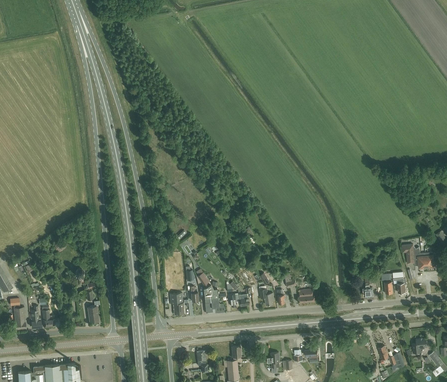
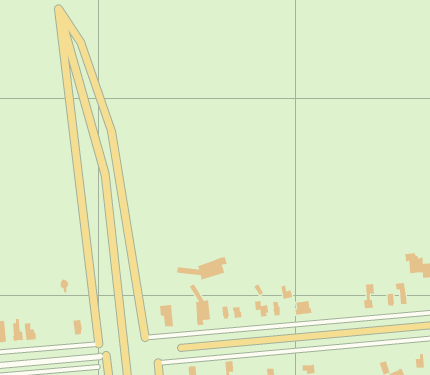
building: none -> [177,256,228,281]

